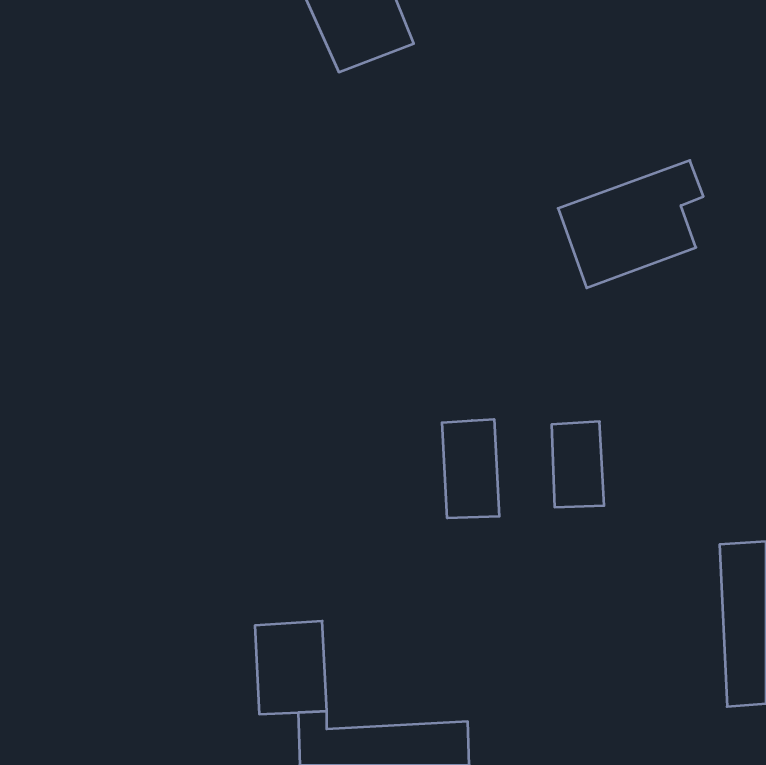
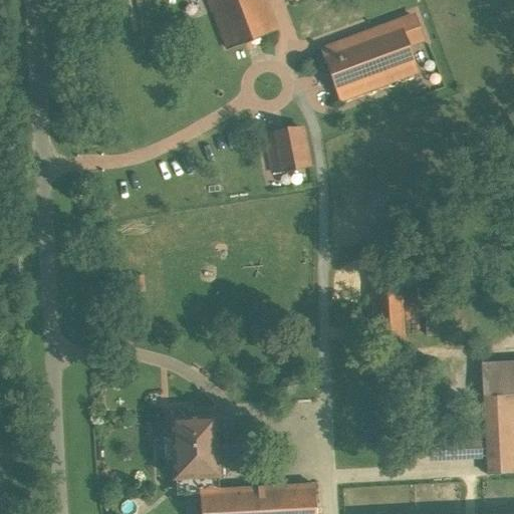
building: [558,160,703,288] -> [324,15,422,100]
building: none -> [264,126,310,172]
building: [442,419,499,518] -> none

